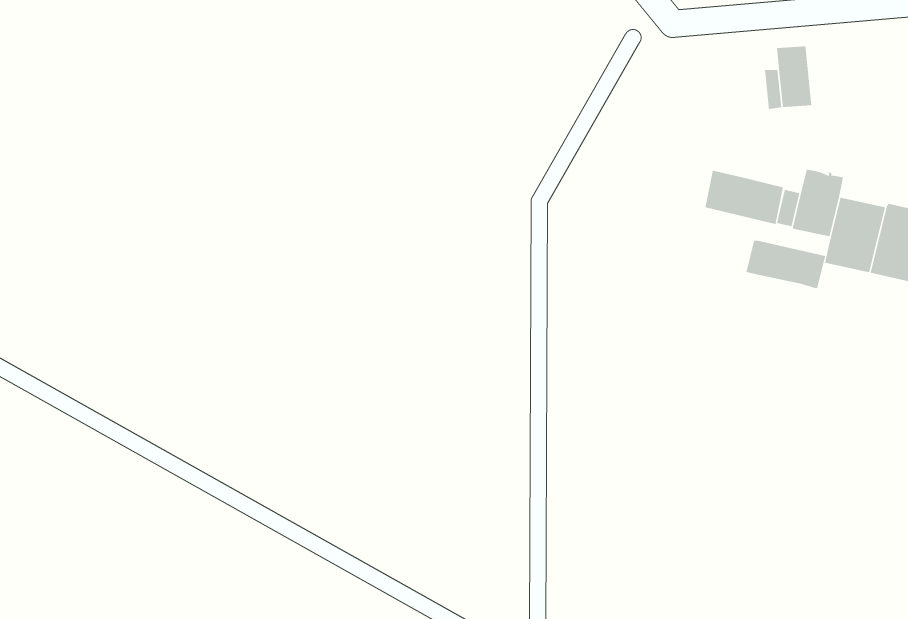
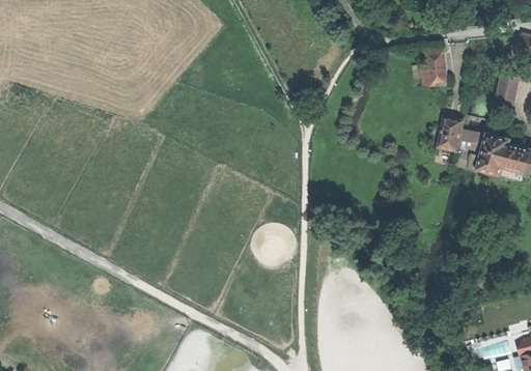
building: [705,170,784,225] -> none
building: [746,240,826,289] -> none

